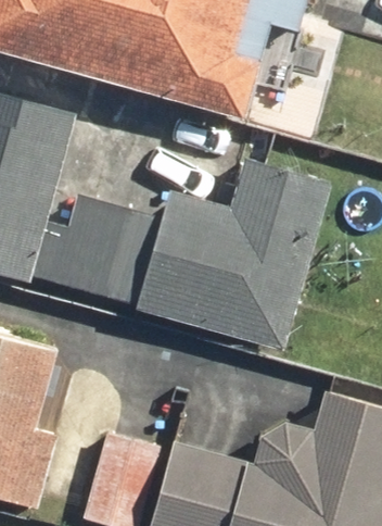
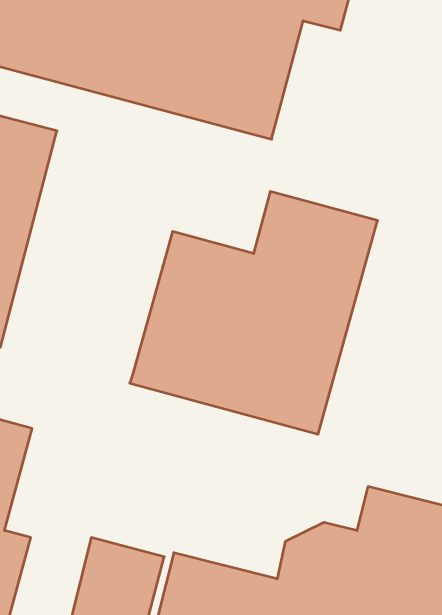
building: [53,196,160,303] -> none

